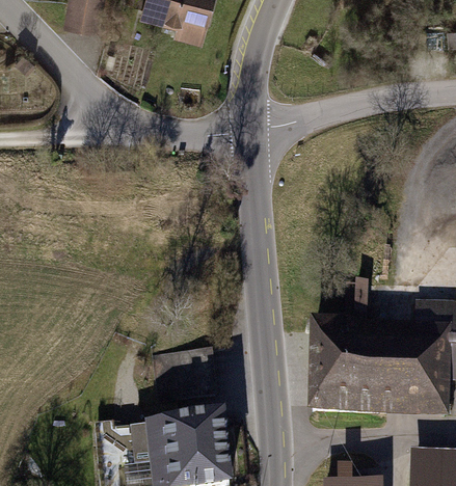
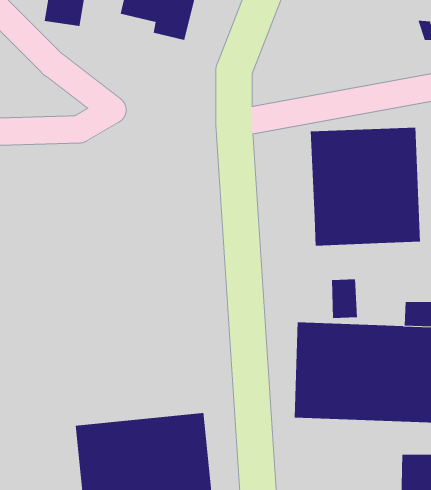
building: none -> [310,127,421,246]

